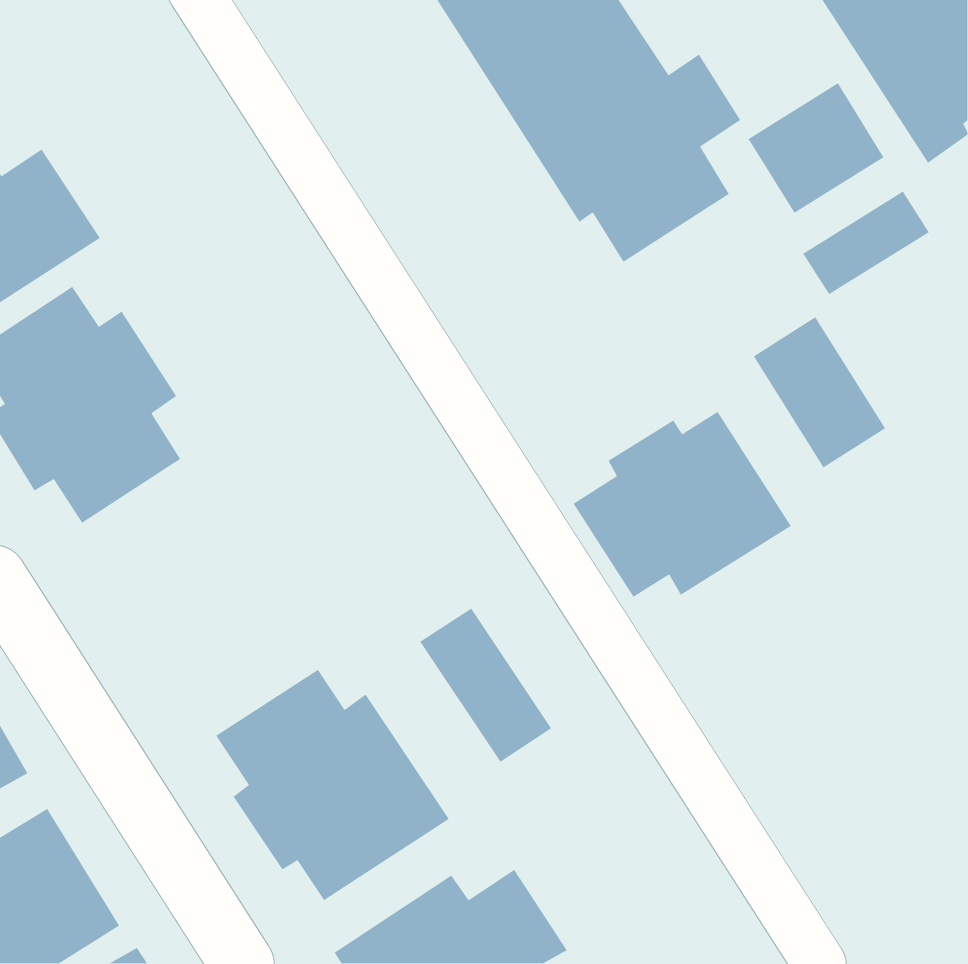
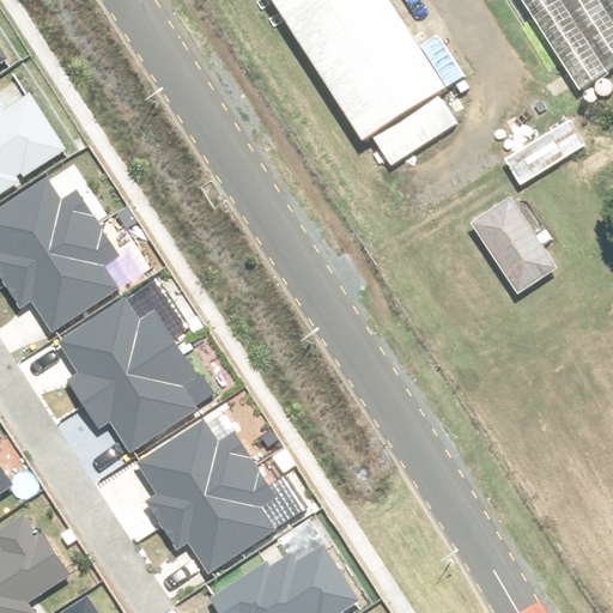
building: [748,82,885,214] -> none
building: [573,411,792,598] -> none
building: none -> [56,299,189,448]
building: [419,607,552,763] -> none

